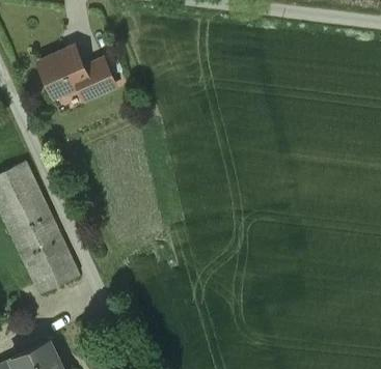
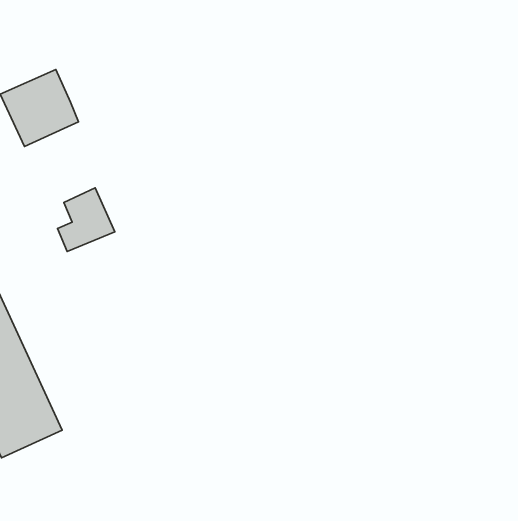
building: [79,58,115,98] -> [57,188,115,252]

